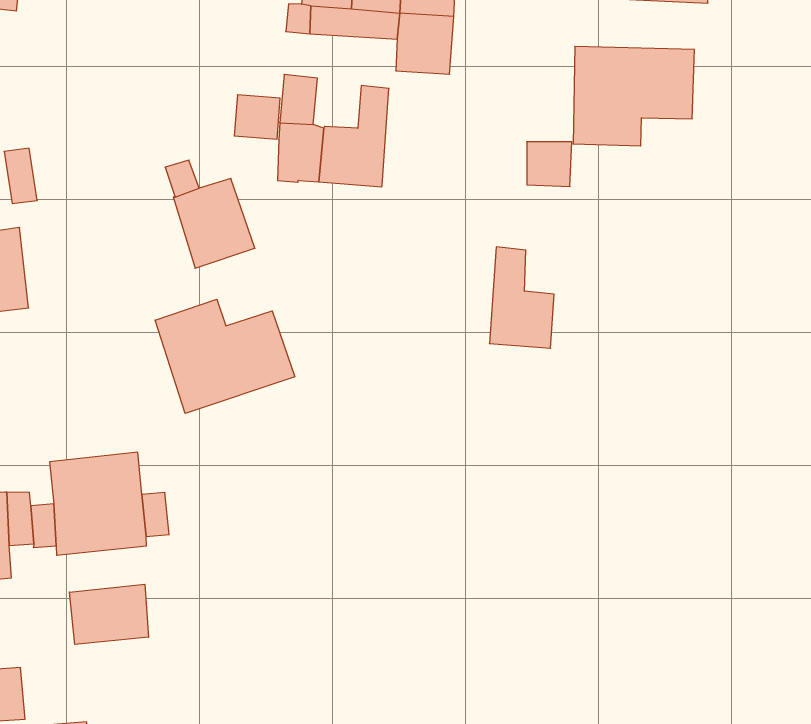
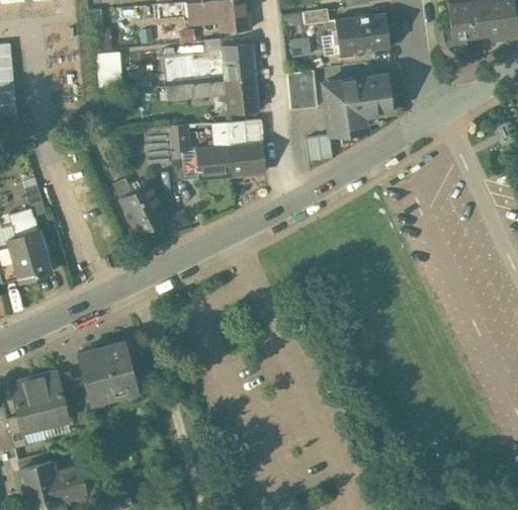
building: none -> [286,70,317,109]
building: [489,247,554,348] -> [226,121,264,175]
building: [155,299,295,413] -> none
building: [69,584,149,644] -> none

